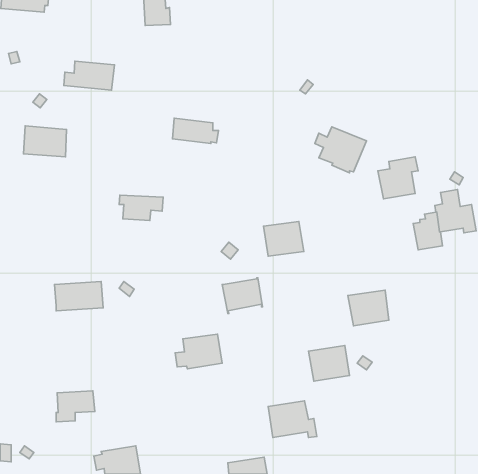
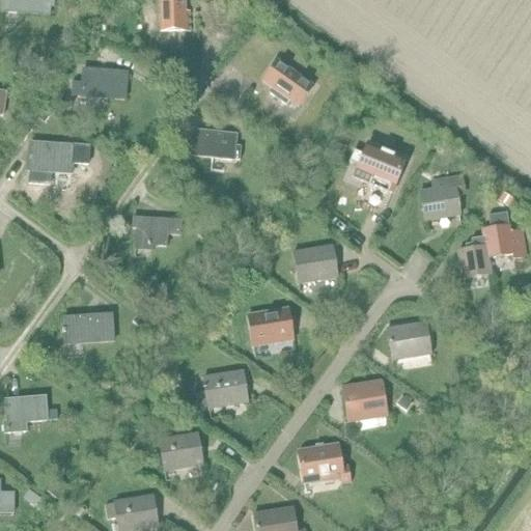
building: none -> [263,58,313,104]
building: none -> [158,430,202,470]
building: [56,391,95,422] -> [5,396,48,430]

